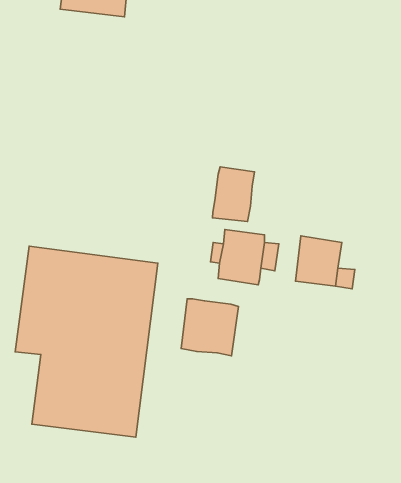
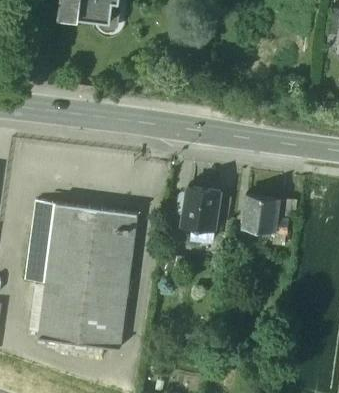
building: [213,167,255,222] -> none
building: [181,299,239,356] -> none

